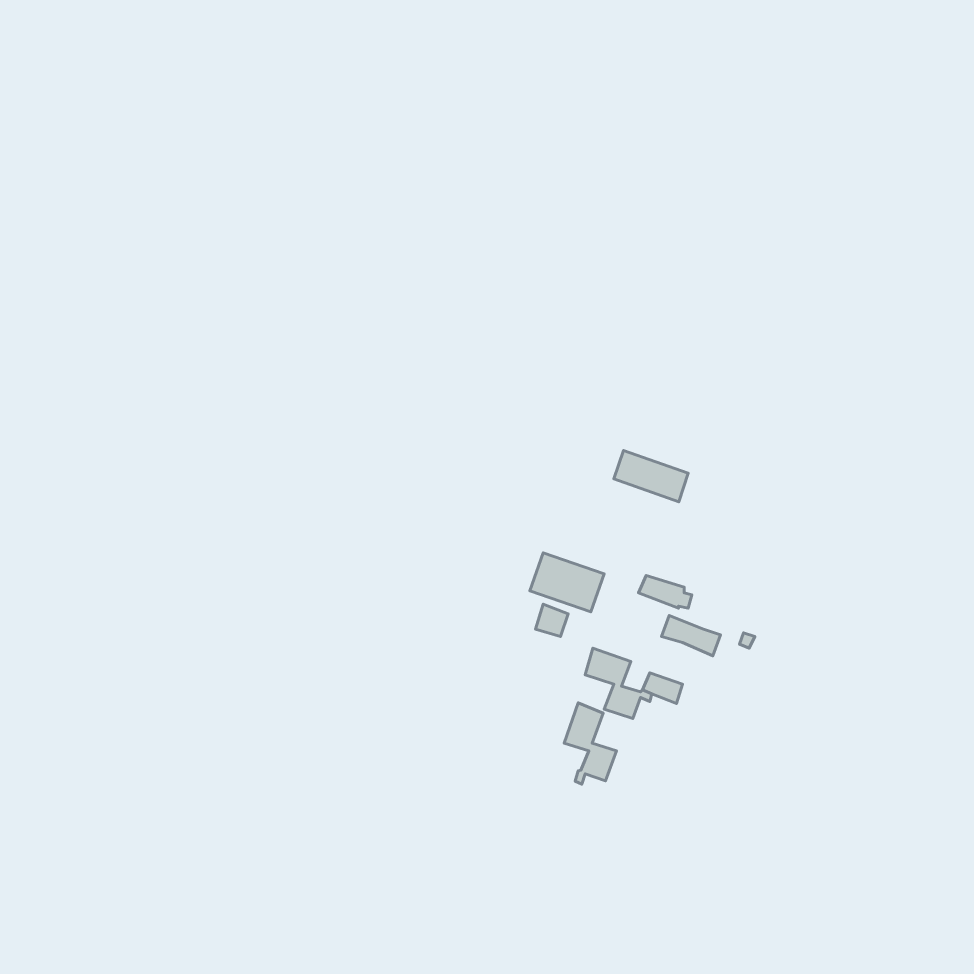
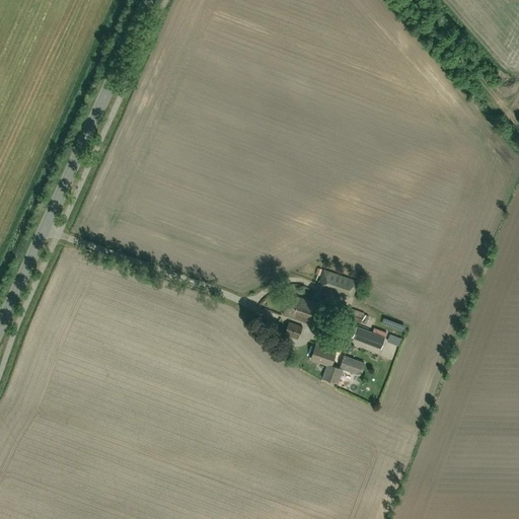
building: [614,450,688,502] -> [318,270,358,297]
building: [564,703,617,784] -> none

